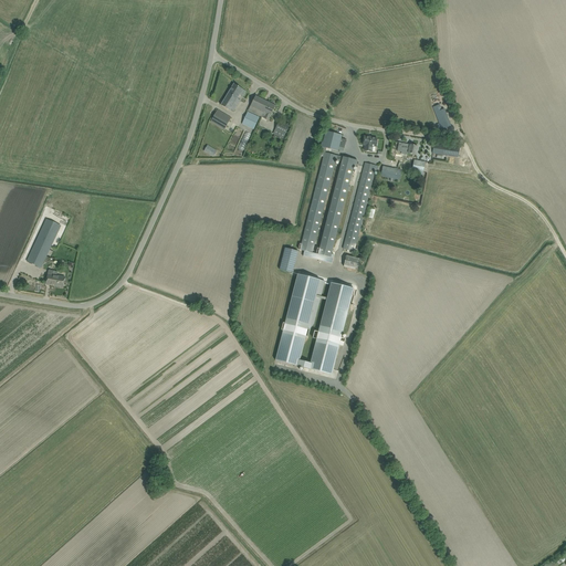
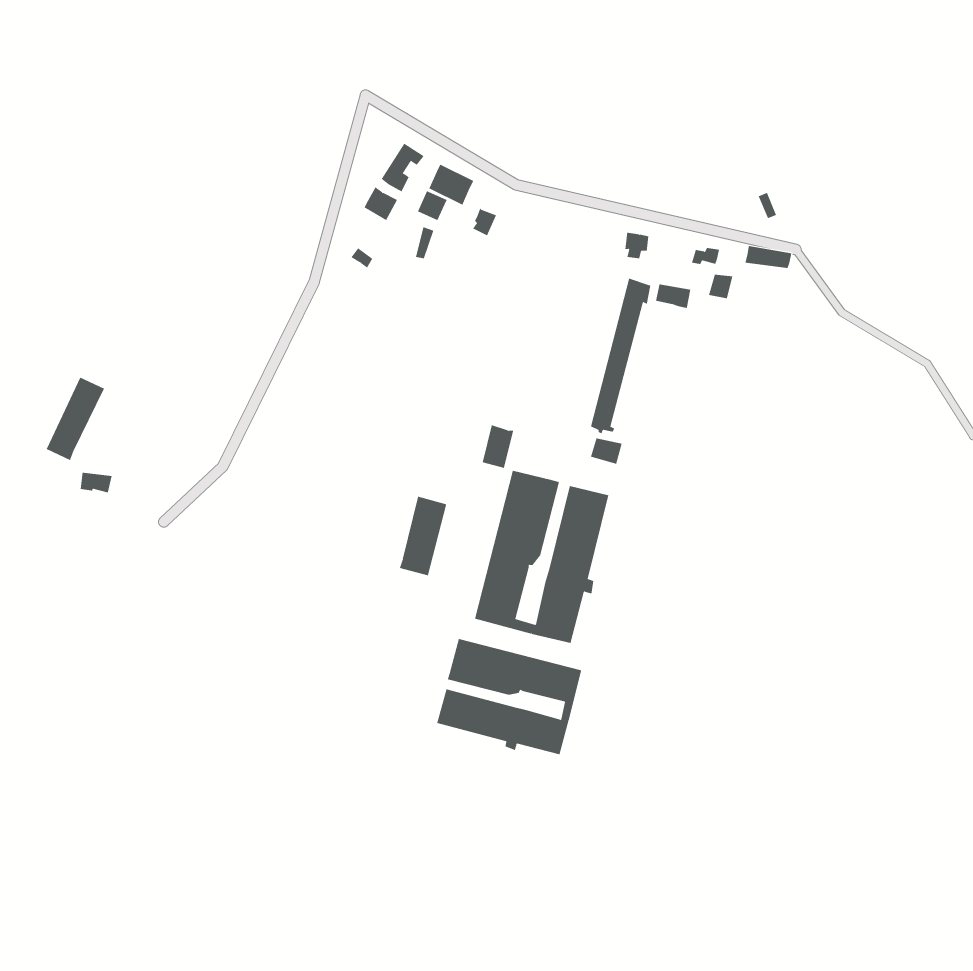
building: [301,130,357,256] -> none
building: none -> [399,496,447,576]
building: none -> [437,638,582,755]

